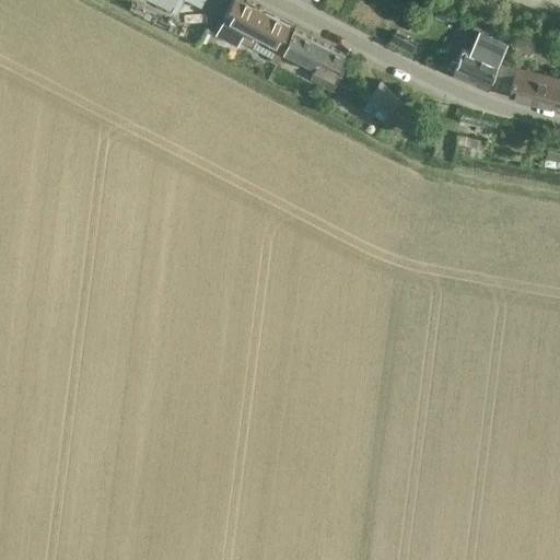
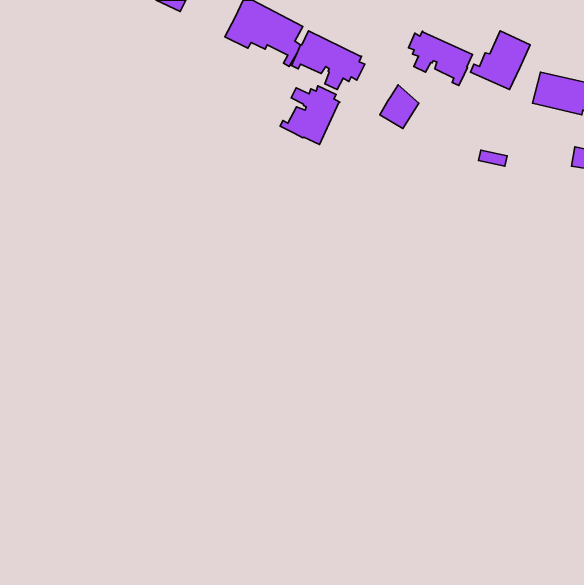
building: none -> [408,31,472,85]
building: none -> [280,86,340,144]

